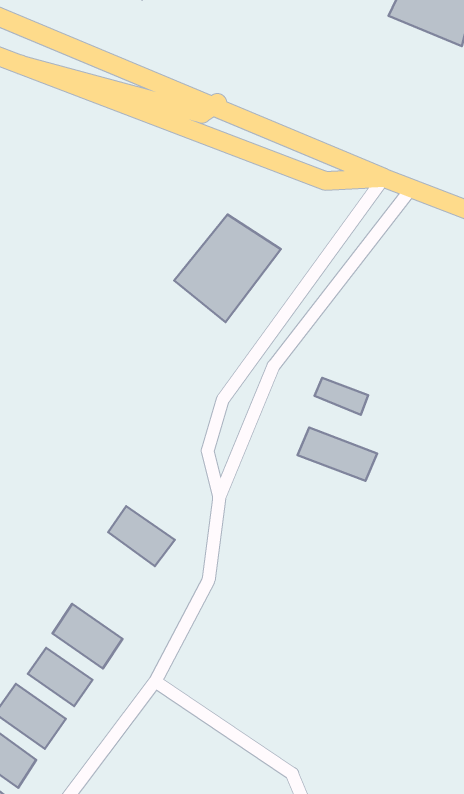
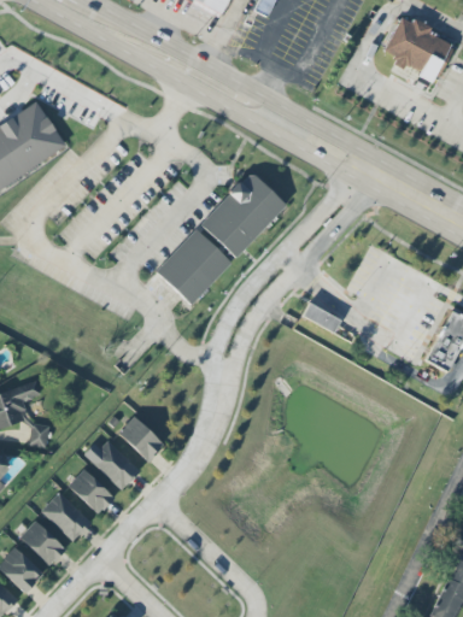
building: none -> [154,228,229,304]
building: [298,428,377,481] -> none
building: [108,506,175,566] -> [118,416,165,462]

